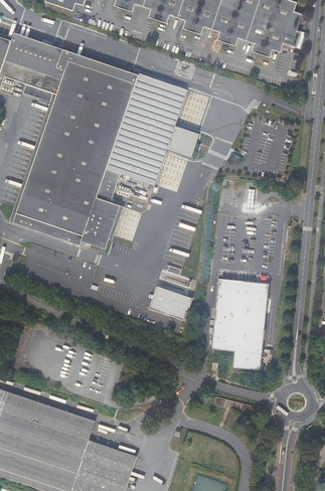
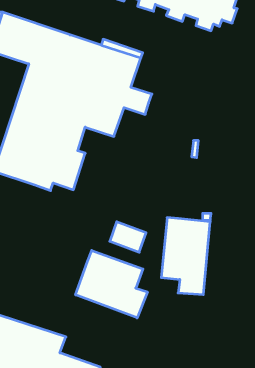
building: none -> [76,250,147,318]

